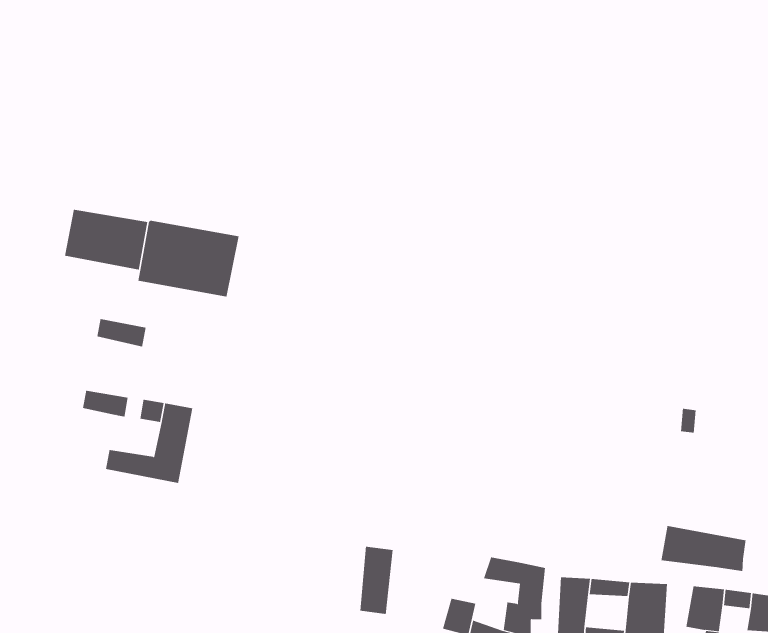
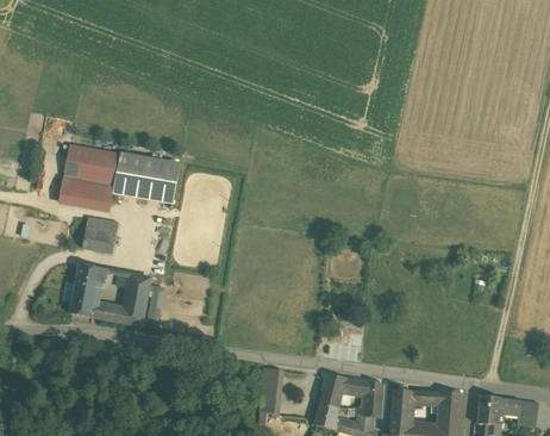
building: none -> [60,175,114,213]
building: none -> [82,229,117,254]
building: none -> [69,276,99,317]
building: [661,525,746,572] -> none
building: none -> [321,372,348,406]

